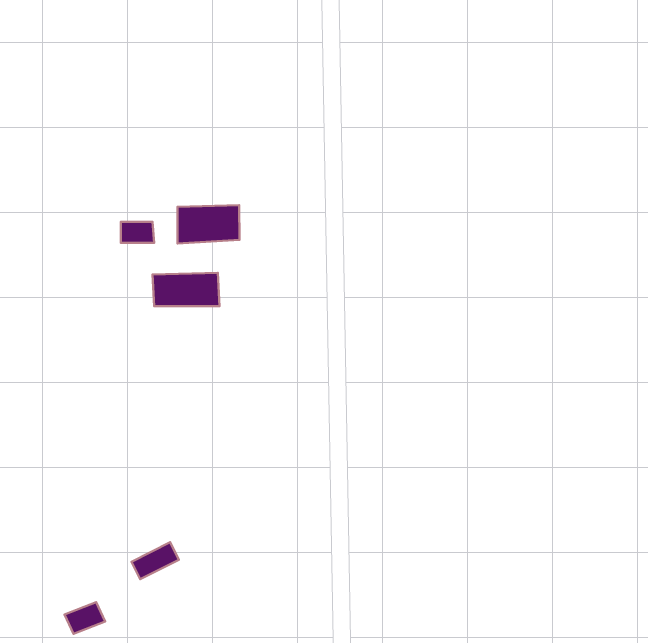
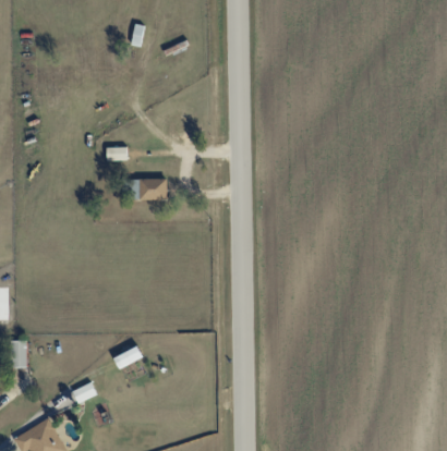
building: [177,205,239,244] -> none

